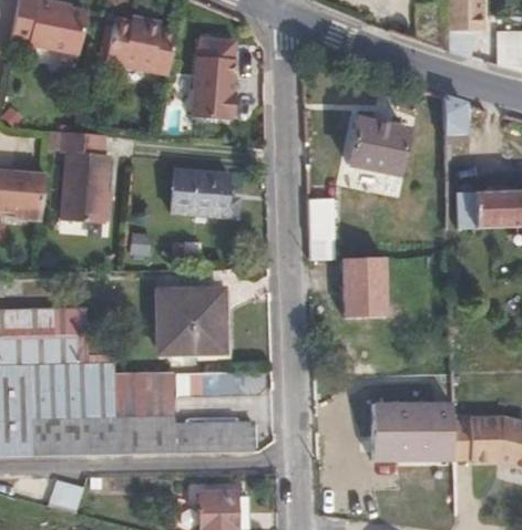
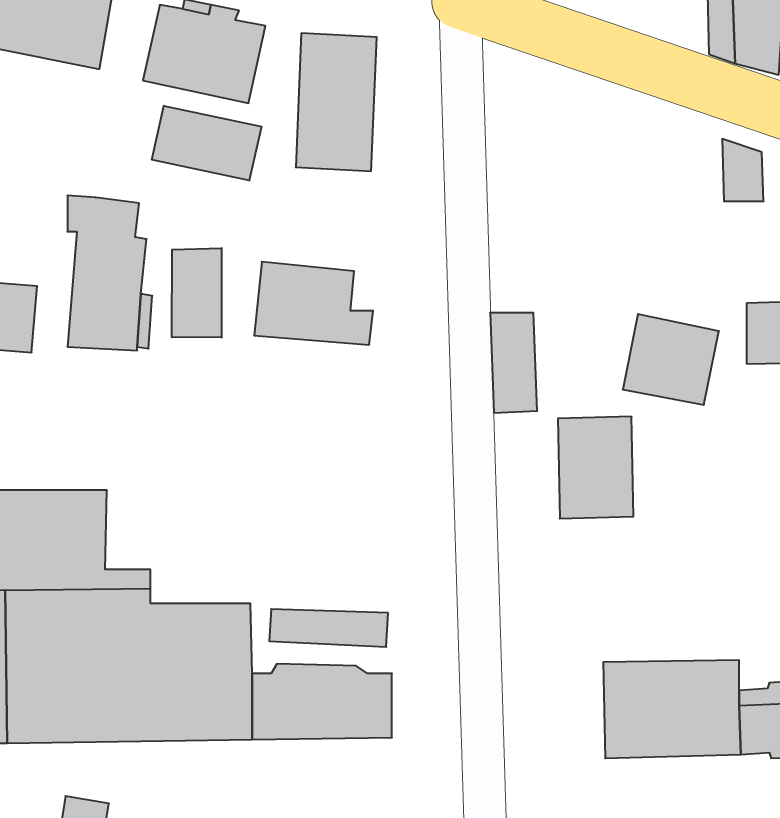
building: none -> [152,106,261,181]
building: [351,121,408,174] -> [623,314,719,405]
building: none -> [172,248,222,338]
building: [156,290,221,350] -> none

